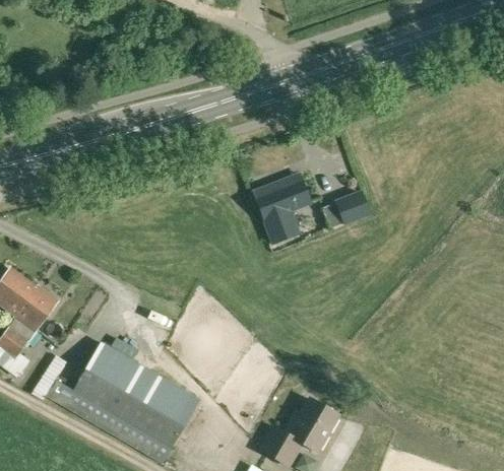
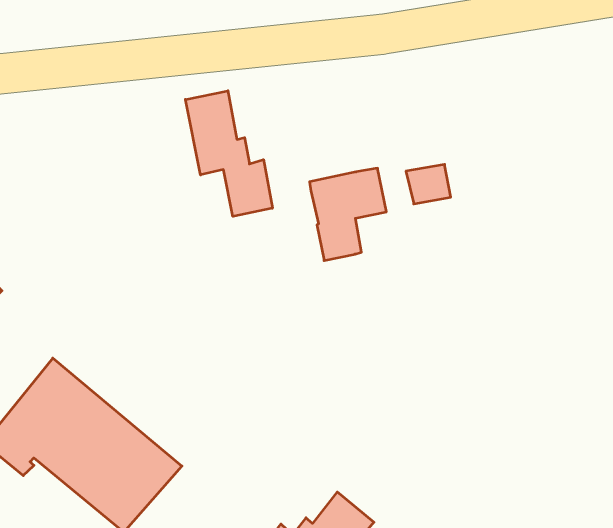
building: none -> [185,91,272,216]
building: [336,192,370,222] -> [406,164,451,204]

